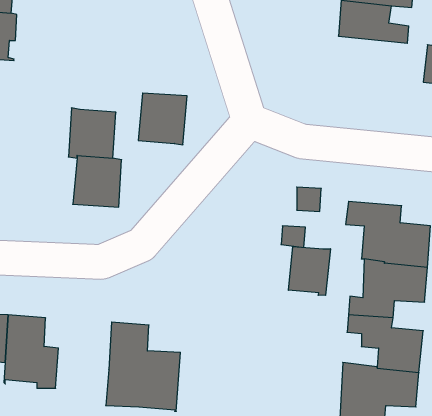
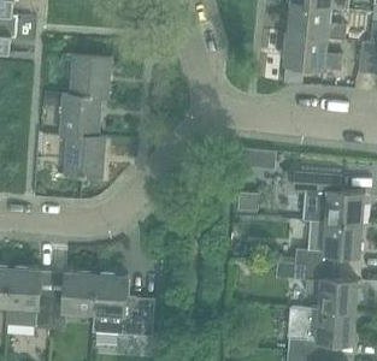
building: none -> [283,34,342,70]
building: [138,93,187,145] -> [70,55,111,99]
building: [288,247,330,295] -> none
building: none -> [49,271,96,330]

